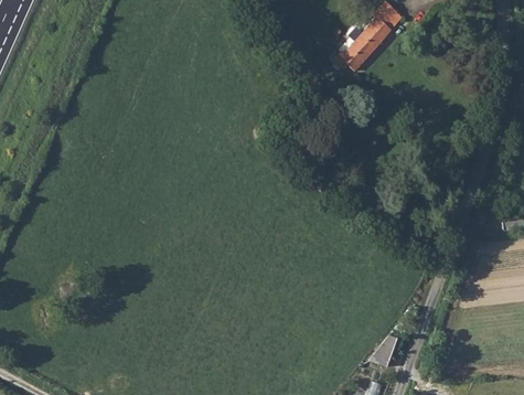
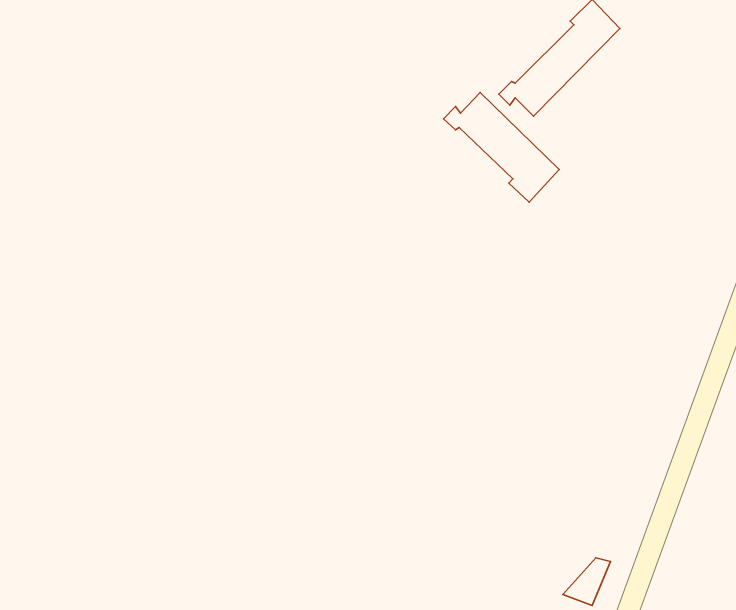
building: none -> [444,92,559,202]

